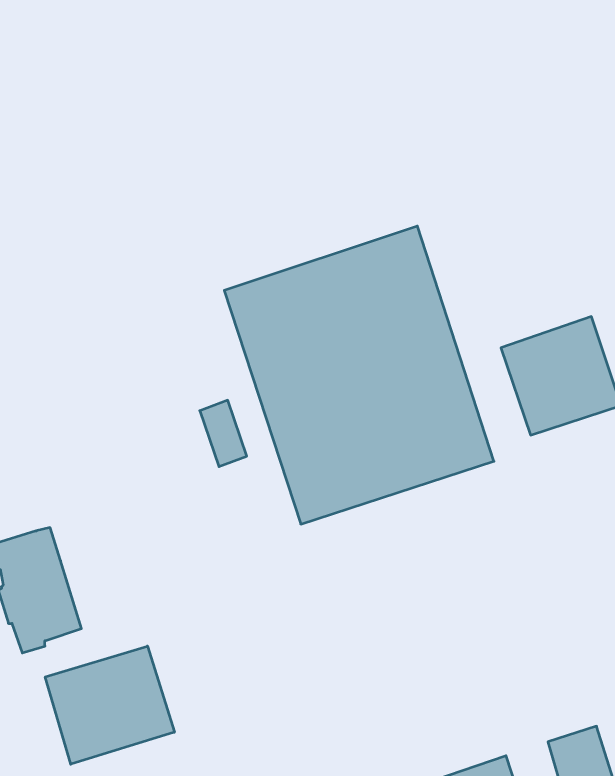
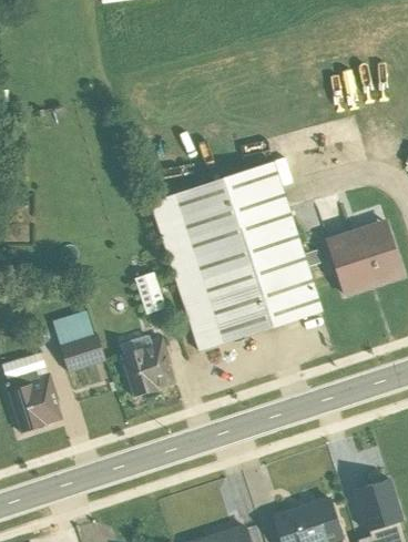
building: none -> [52,310,105,374]
building: none -> [119,335,172,395]
building: [45,646,174,764] -> none

